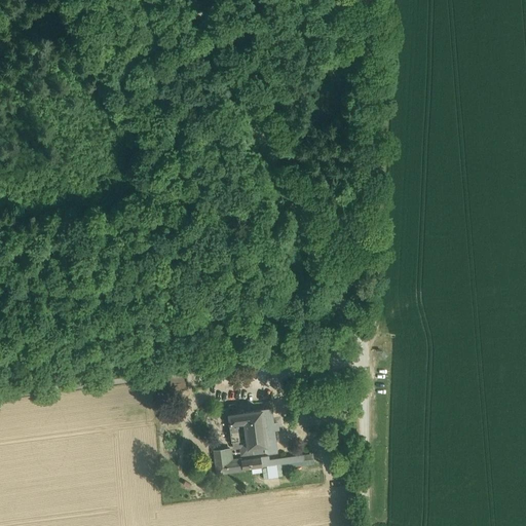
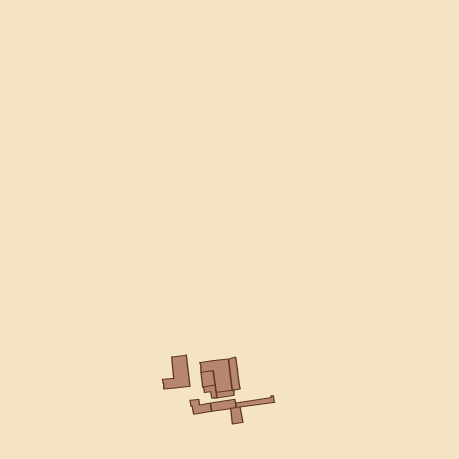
building: none -> [163,355,190,389]

